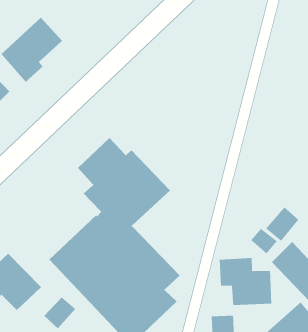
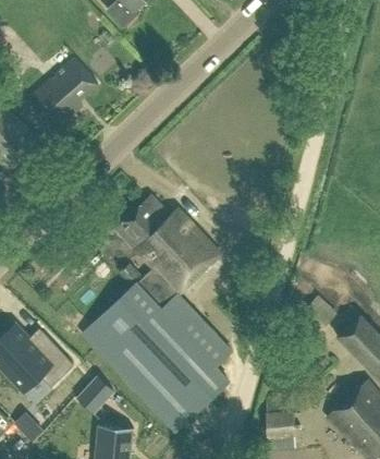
building: [265,207,299,242] -> none
building: [219,257,272,306] -> none

